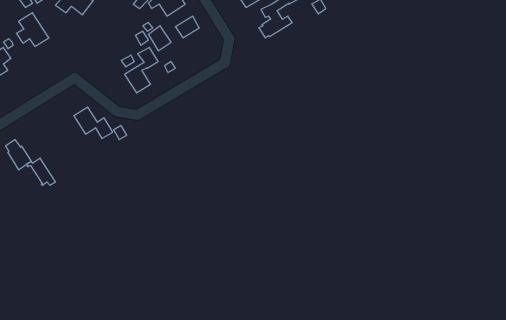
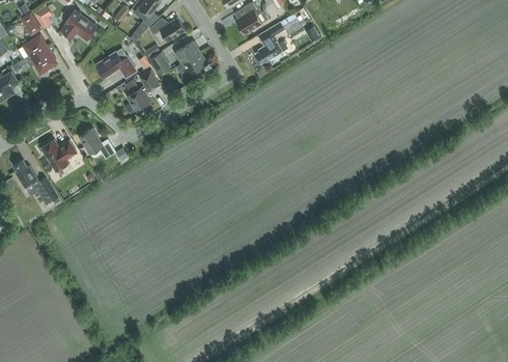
building: none -> [98,52,137,78]
building: none -> [180,53,206,86]
building: none -> [41,140,78,171]

